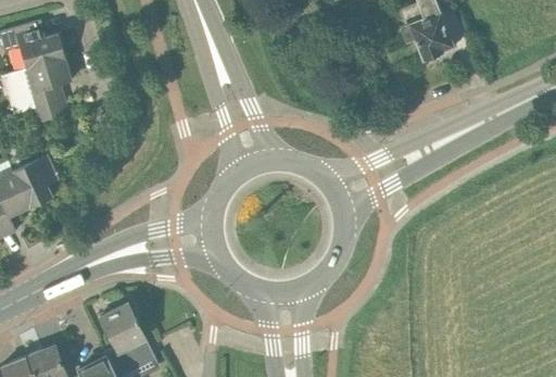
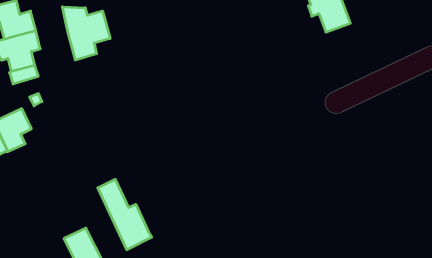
building: none -> [62,7,110,60]
building: none -> [98,179,152,250]

